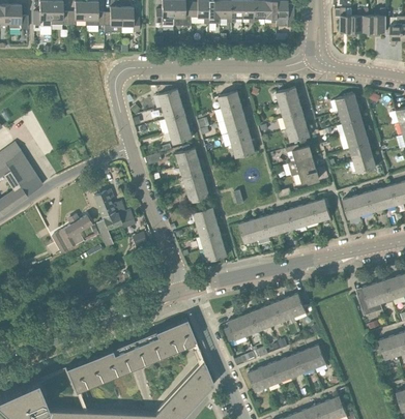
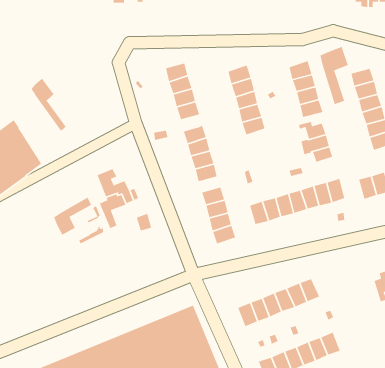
building: none -> [319,46,349,105]
building: none -> [30,78,67,132]

